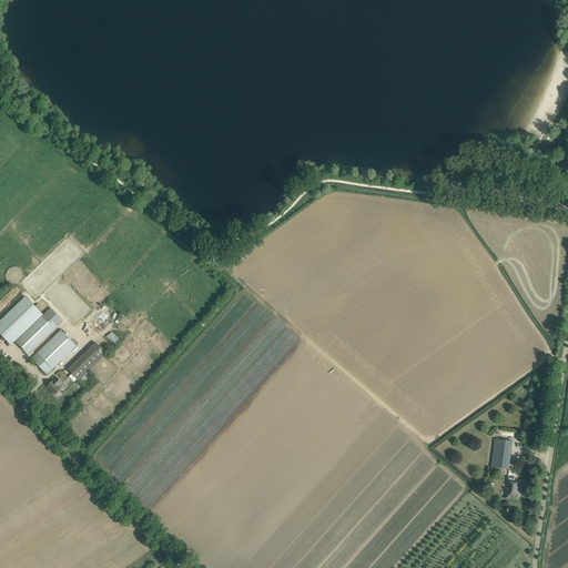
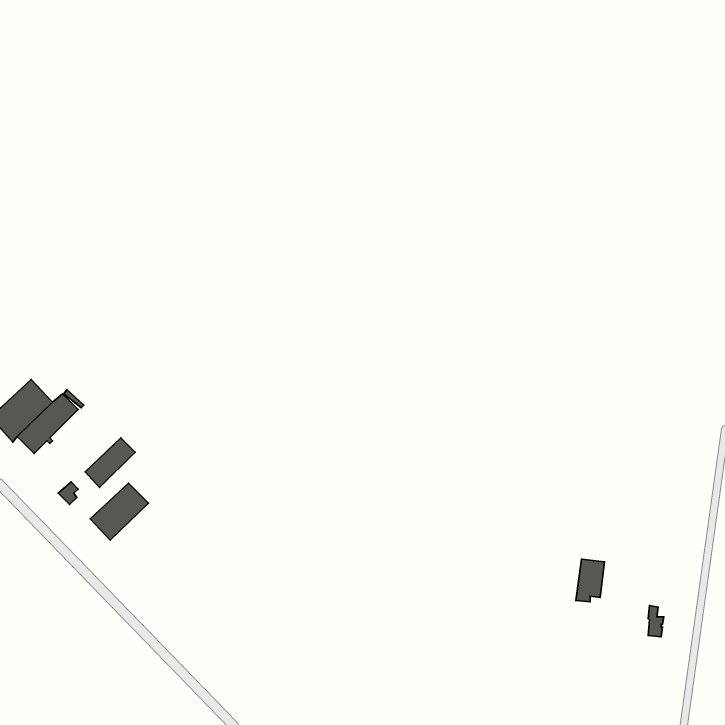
building: [30,329,75,374] -> [90,483,149,540]
building: [489,438,511,471] -> [576,559,604,602]

